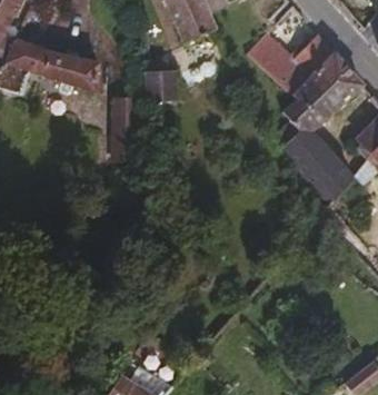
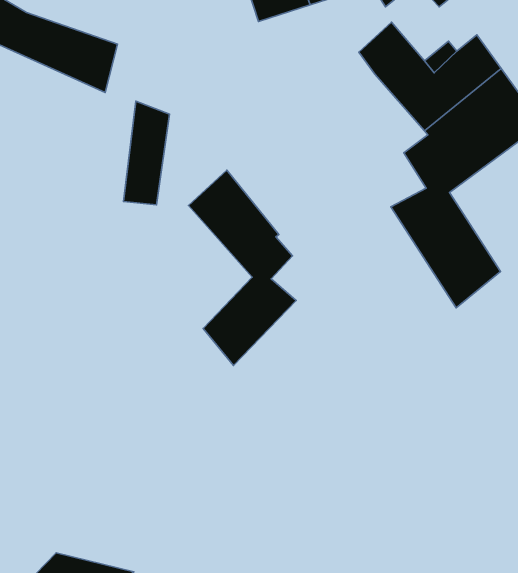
building: [147,59,178,99] -> none
building: none -> [189,170,296,366]

